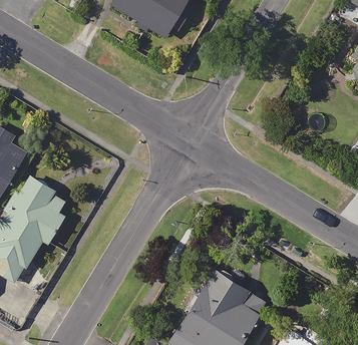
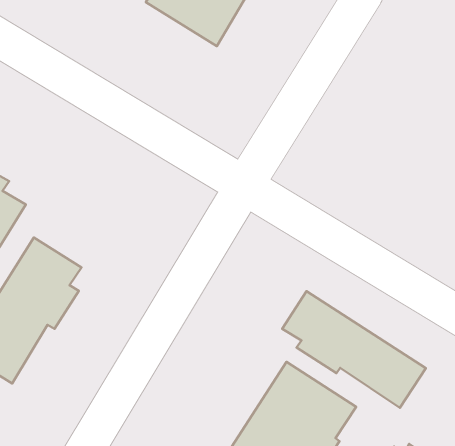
building: none -> [282,291,426,408]

